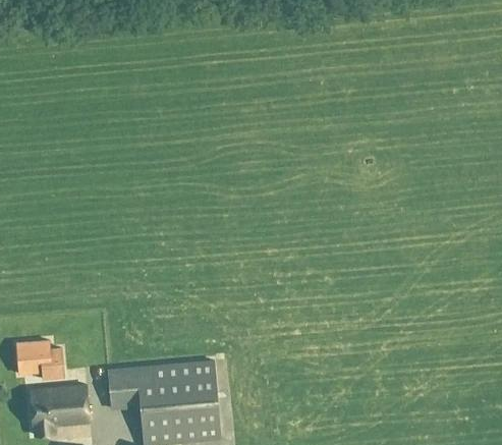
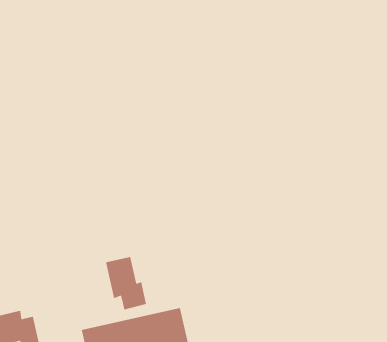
building: none -> [105,256,147,310]

